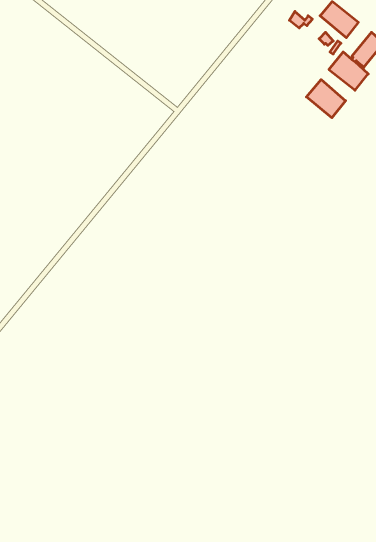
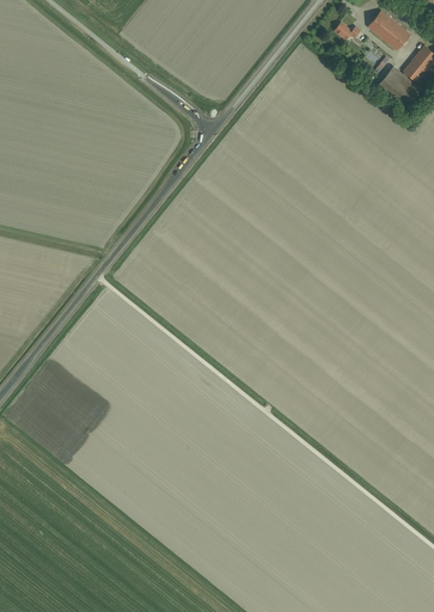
building: [306,80,346,118] -> none

